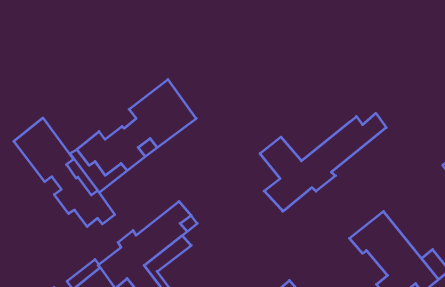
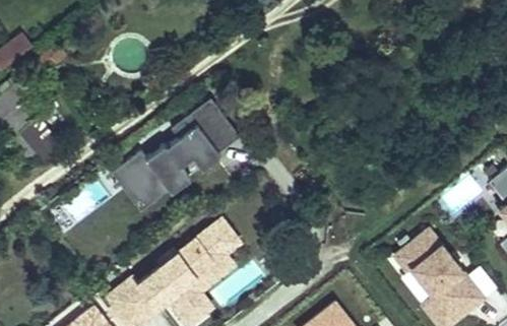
building: [260,113,386,211] -> none
building: [14,118,115,227] -> none

